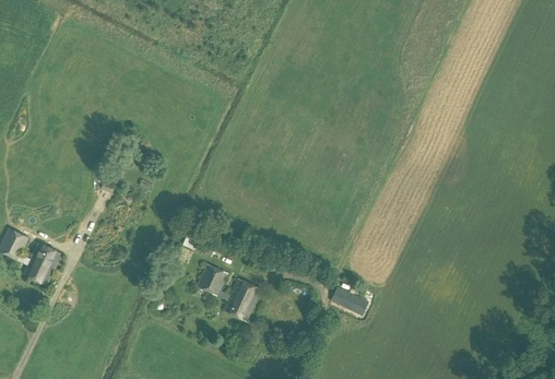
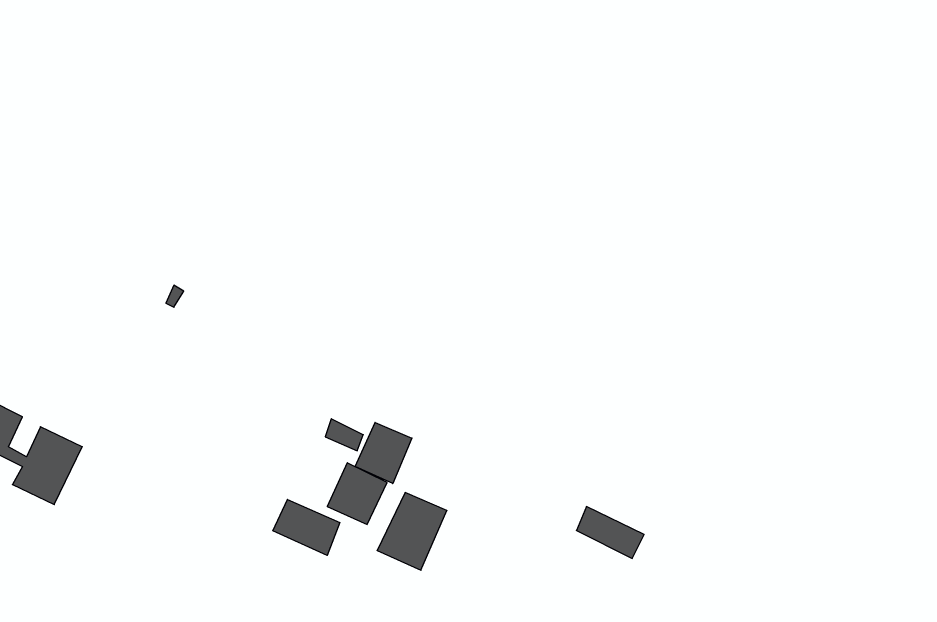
building: none -> [355,422,412,484]
building: none -> [273,499,340,555]

